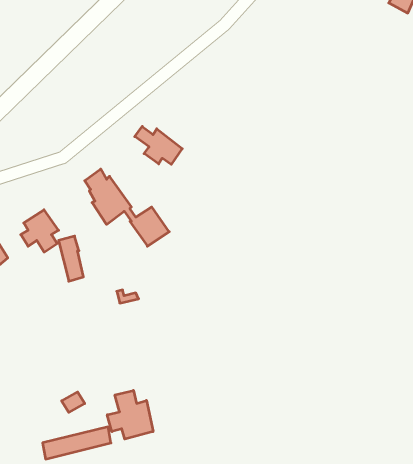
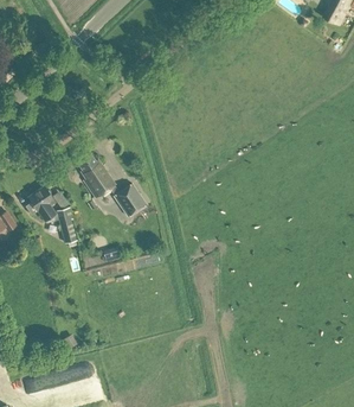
building: [135,126,182,164] -> none
building: [107,390,153,439] -> none

